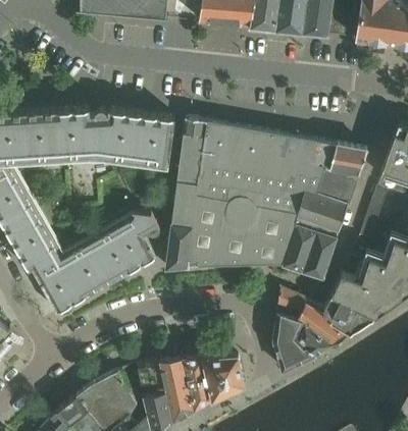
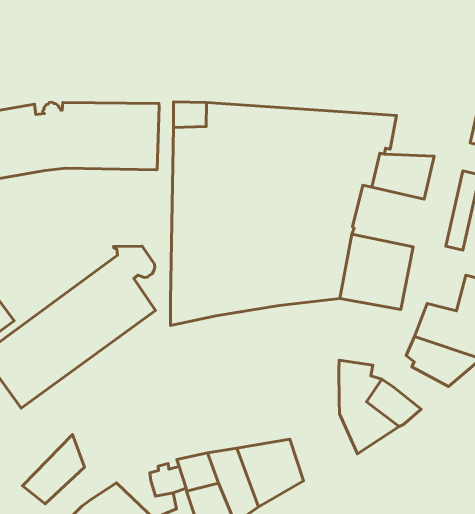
building: [325,146,367,176] -> none
building: [297,191,349,236] -> none
building: [278,290,351,347] -> none
building: none -> [22,434,84,504]

